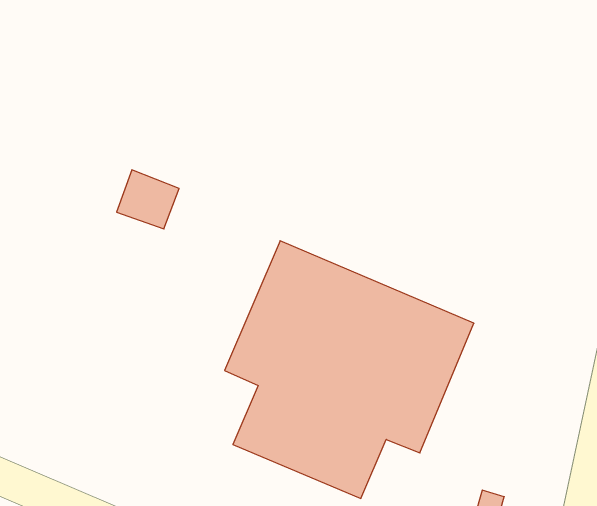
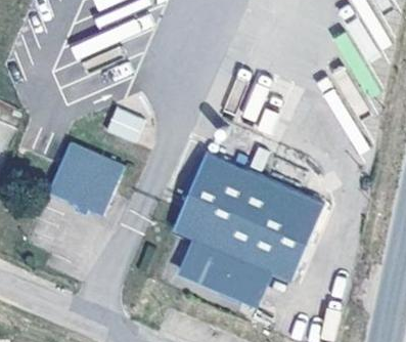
building: none -> [47,140,123,215]

